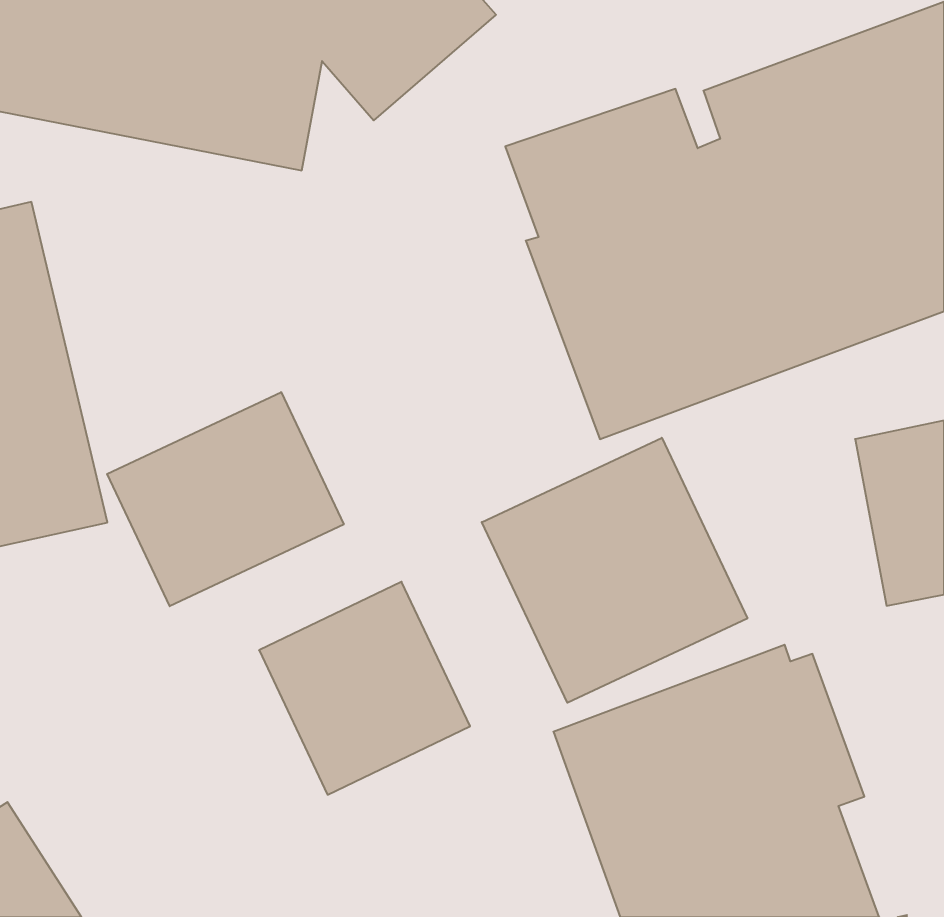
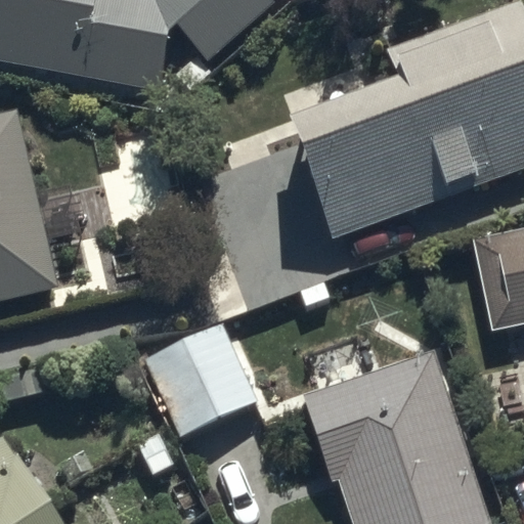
building: [107,392,344,606] -> none
building: [482,438,747,703] -> none

